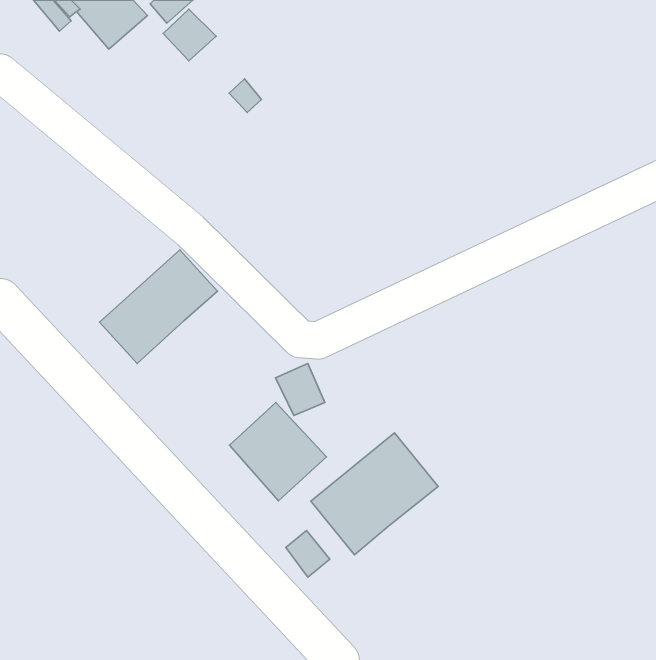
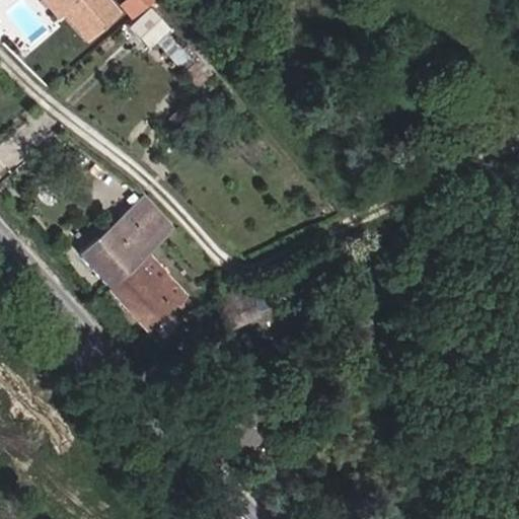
building: [229,402,326,501] -> [112,252,188,329]
building: [311,433,438,555] -> none

